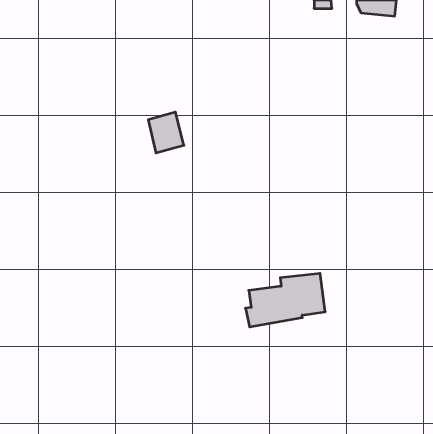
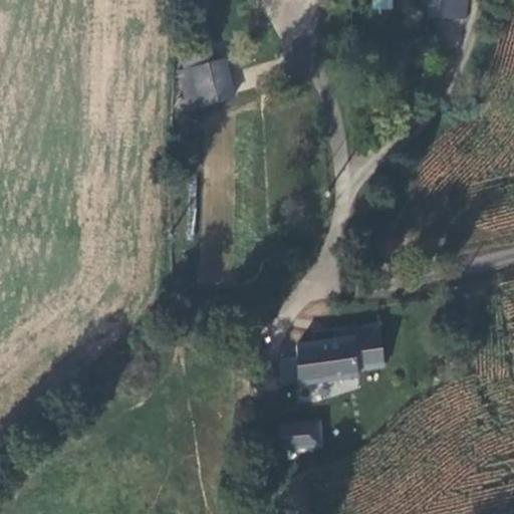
building: [148,112,184,153] -> [186,58,228,106]
building: none -> [280,422,323,452]

